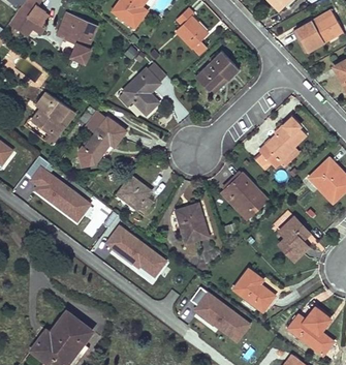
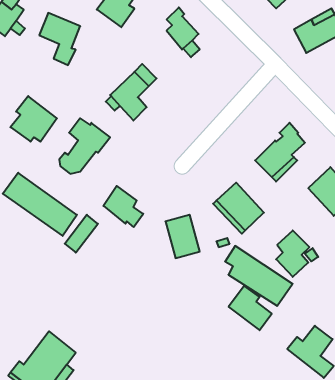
building: [195,51,240,94] -> none
building: [104,223,169,280] -> none
building: [190,286,253,342] -> [225,246,293,306]

